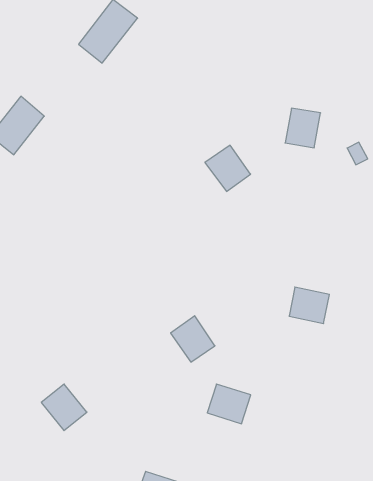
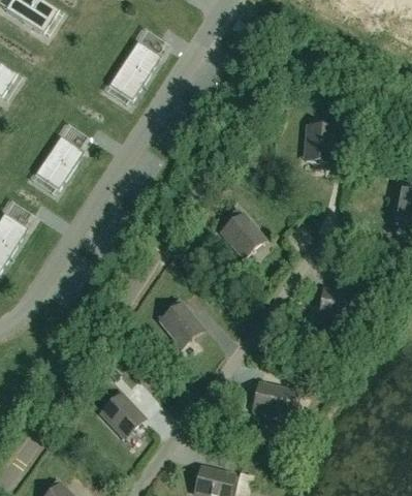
building: [205,145,251,191] -> [221,214,263,256]
building: [171,316,215,362] -> [160,303,201,345]

